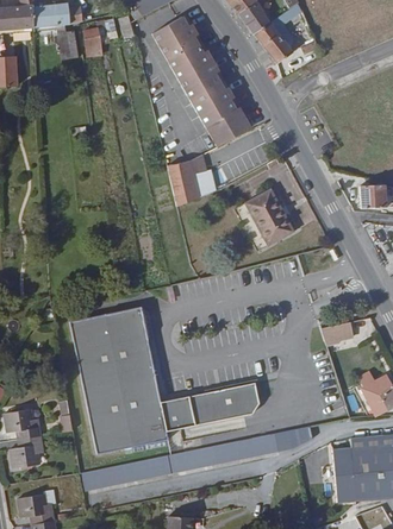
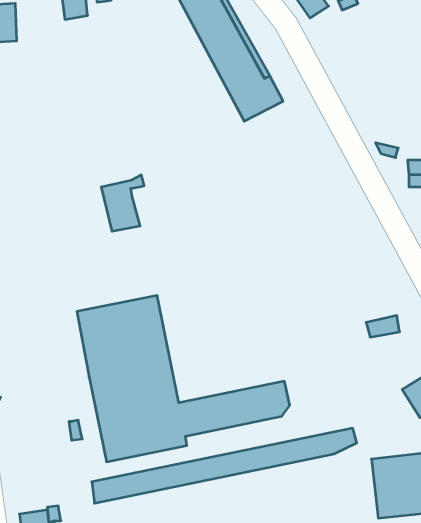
building: [168,158,206,208] -> [101,175,144,231]
building: [244,194,292,250] -> none
building: [6,411,42,470] -> none

